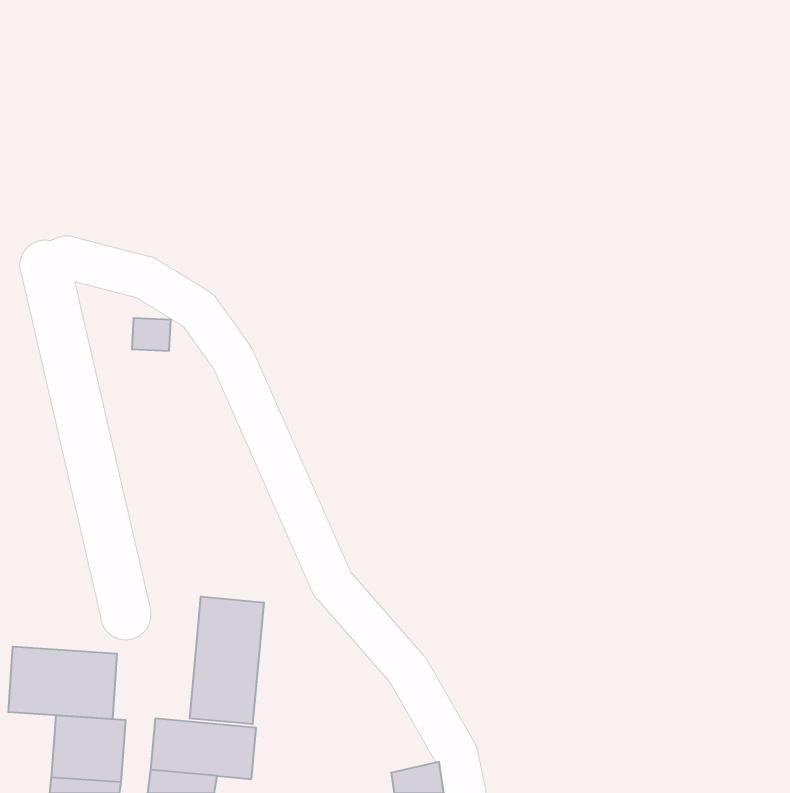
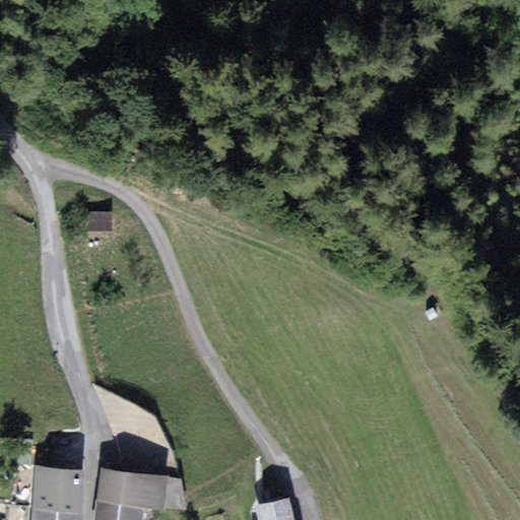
building: [190,596,264,724] -> none
building: [8,647,117,719] -> none

